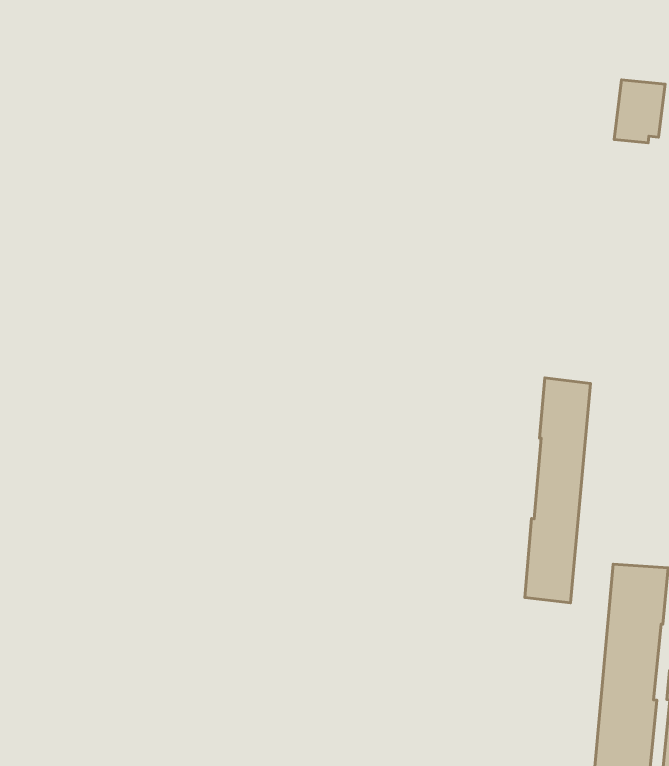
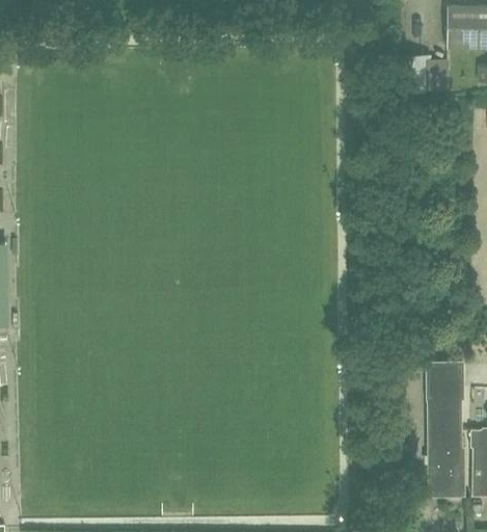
building: [525,378,590,603] -> none

